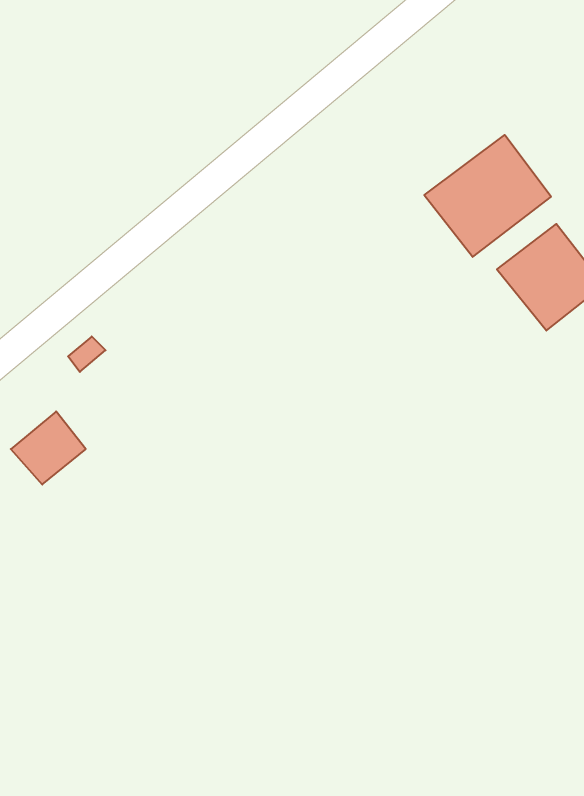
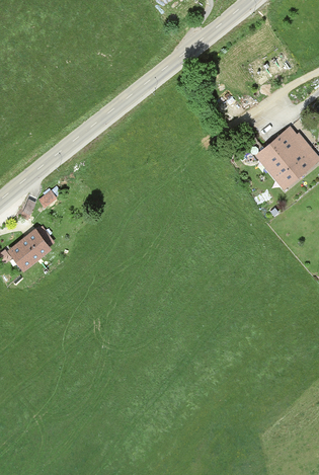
building: [424,135,551,257] -> none

